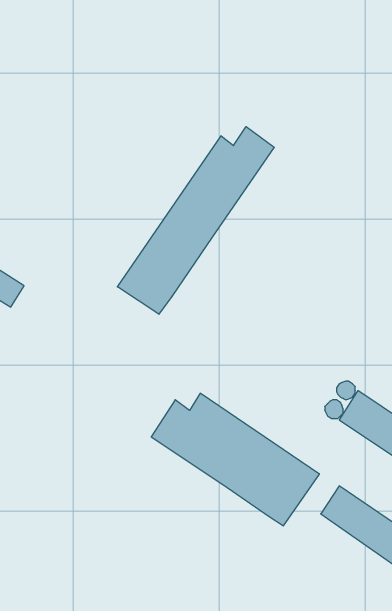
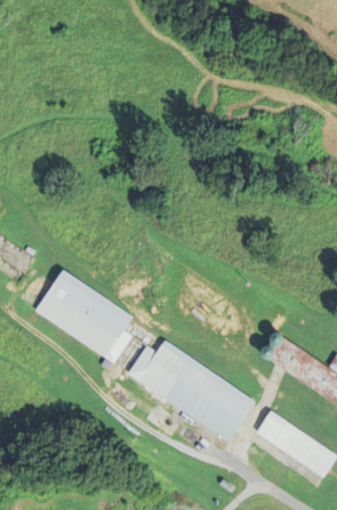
building: [117,127,274,314] -> none
building: none -> [35,270,133,364]

